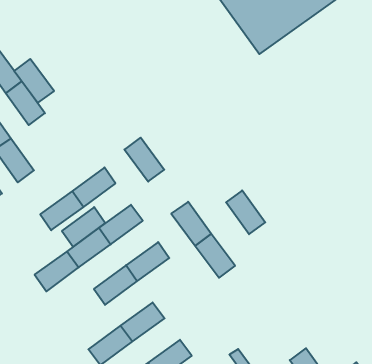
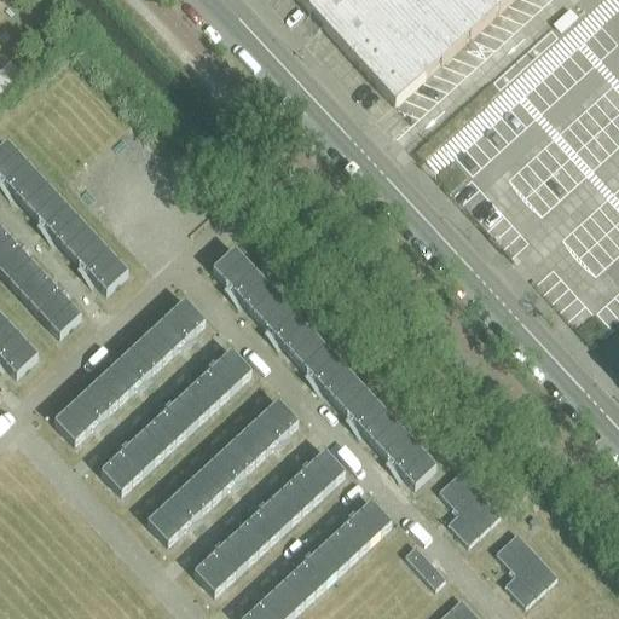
building: [14,59,54,103] -> [65,226,128,290]
building: none -> [253,289,316,353]
building: [226,190,265,234] -> [375,420,436,484]
building: [62,207,105,247] -> [54,377,117,440]
building: none -> [280,447,345,510]
building: none -> [147,479,210,540]
building: none -> [438,468,501,542]
building: none -> [328,498,392,561]

